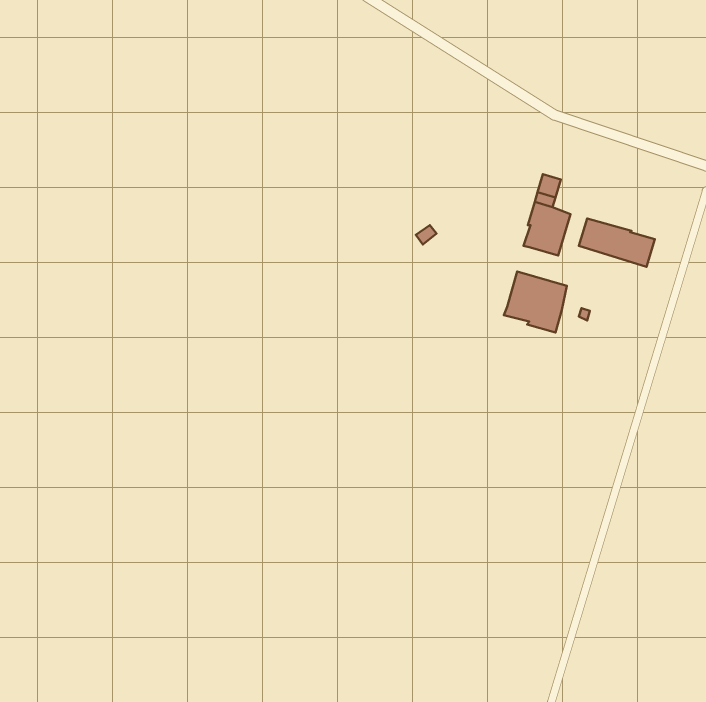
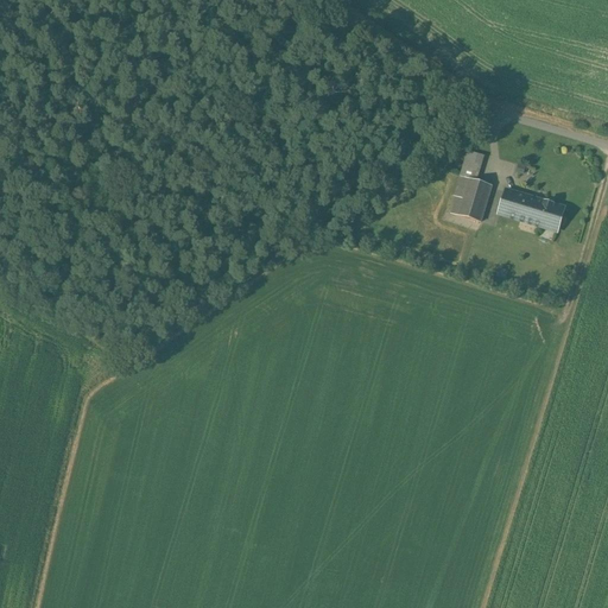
building: [504,272,567,333] -> none

